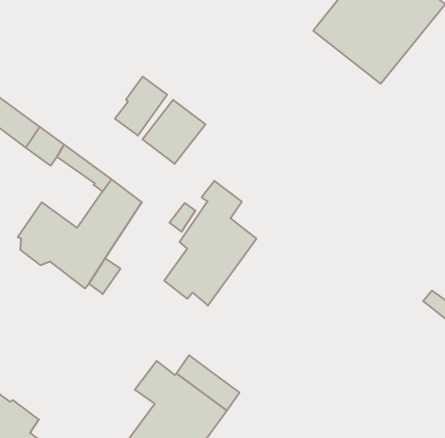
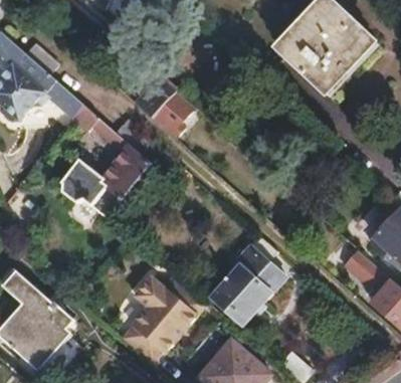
building: [164,181,256,306] -> [216,234,283,322]

